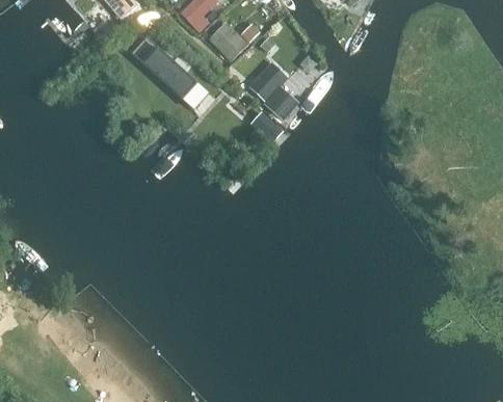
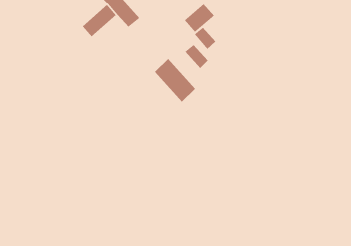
building: none -> [82,4,117,38]
building: none -> [154,58,196,102]

